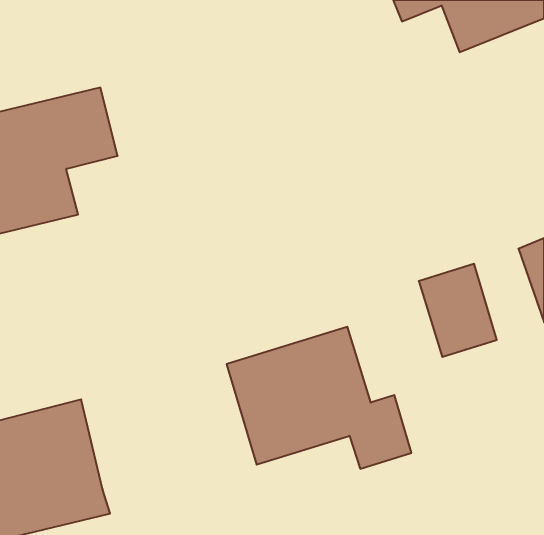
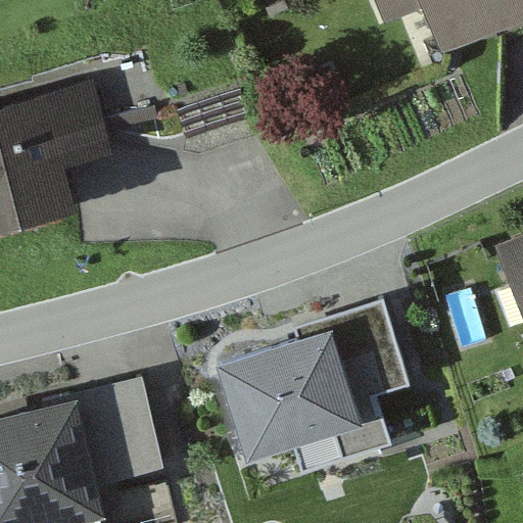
building: [419,264,497,357] -> [332,306,407,395]
building: none -> [78,377,162,478]

